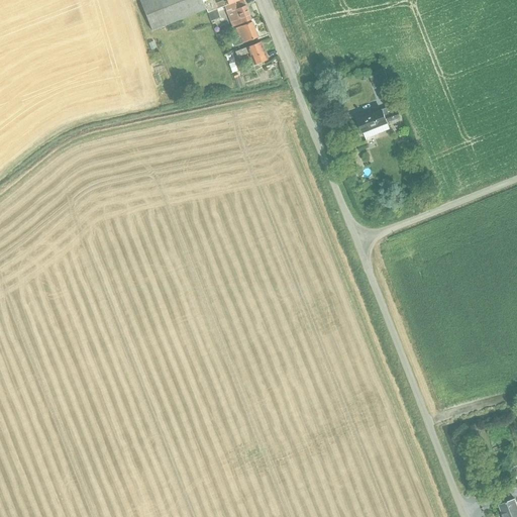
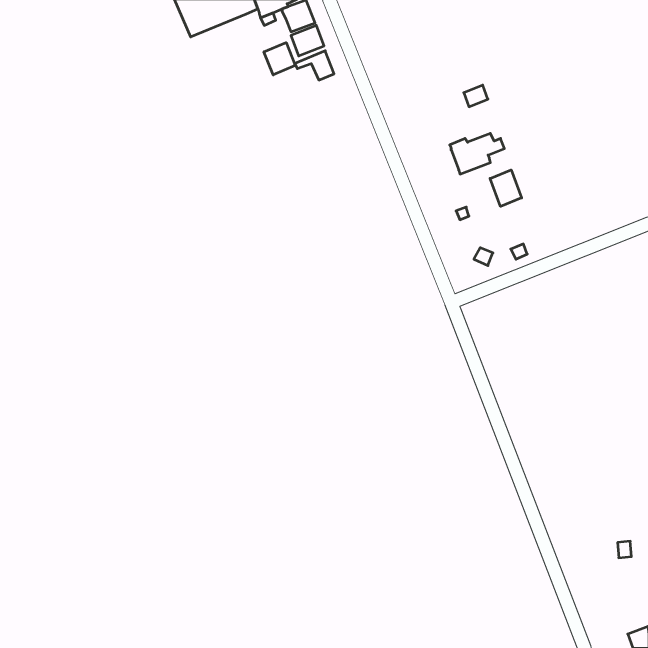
building: none -> [264,43,295,75]
building: none -> [490,170,522,206]

